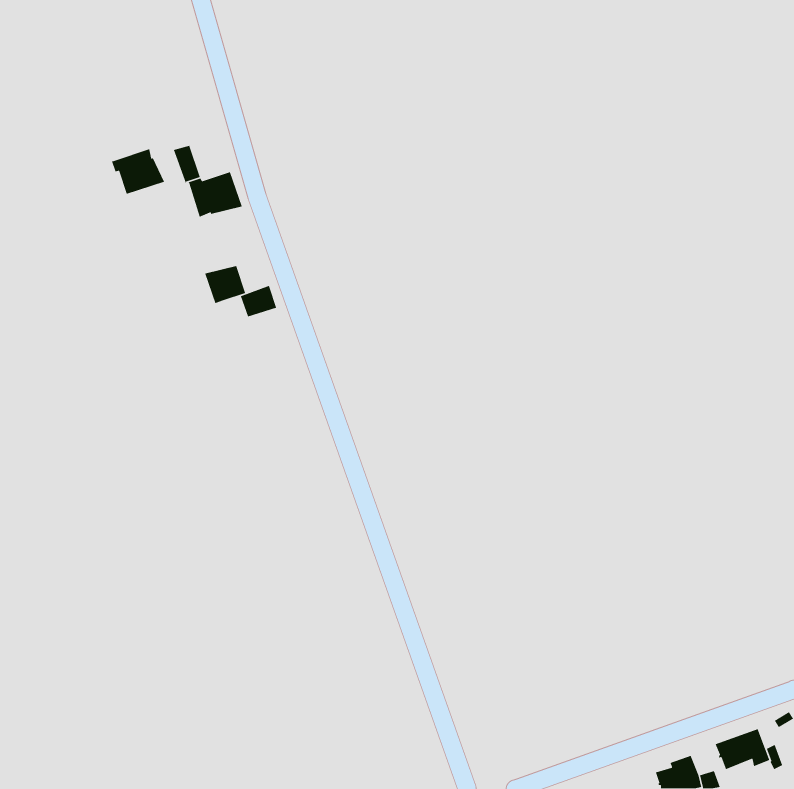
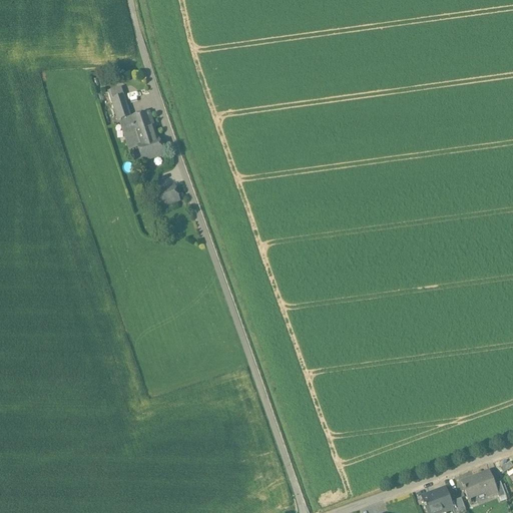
building: [111,148,165,195] -> none
building: [204,265,246,304] -> [135,133,162,158]

